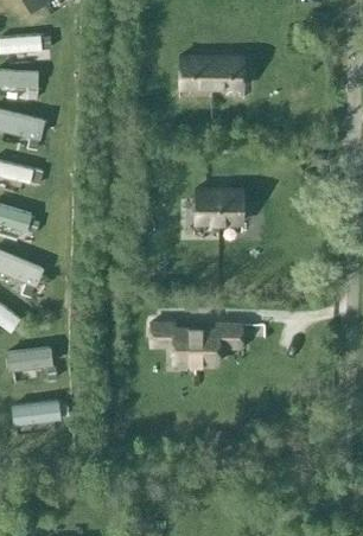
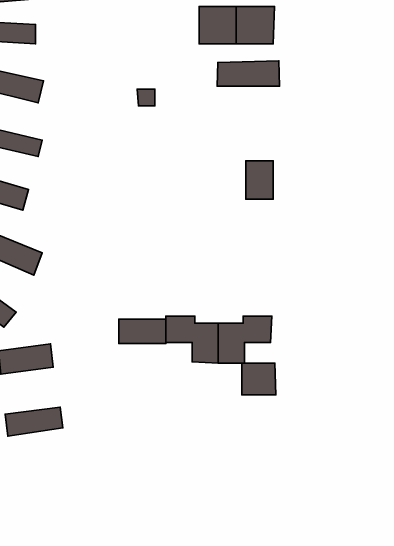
building: none -> [217,61,279,86]
building: [196,189,219,222] -> none
building: none -> [119,319,166,343]
building: none -> [242,363,276,395]

